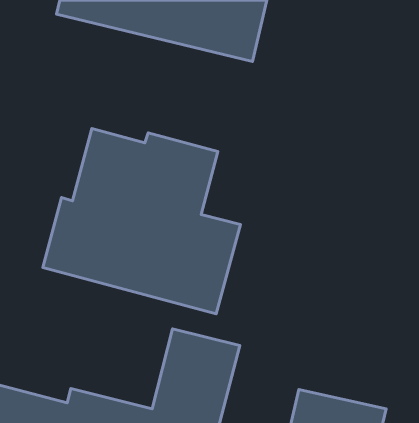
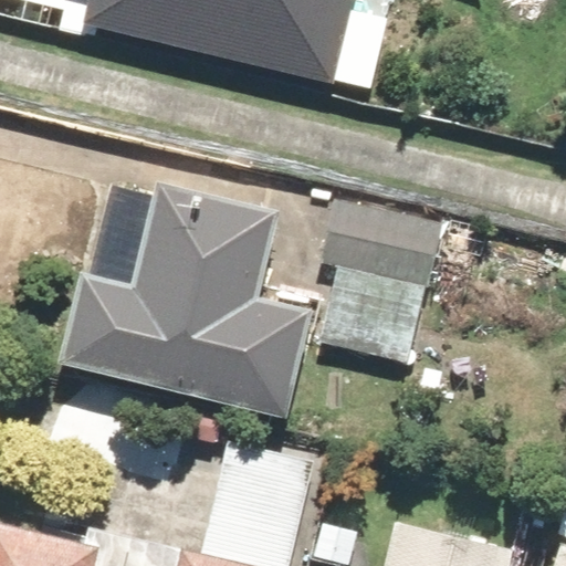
building: none -> [316,187,443,342]

